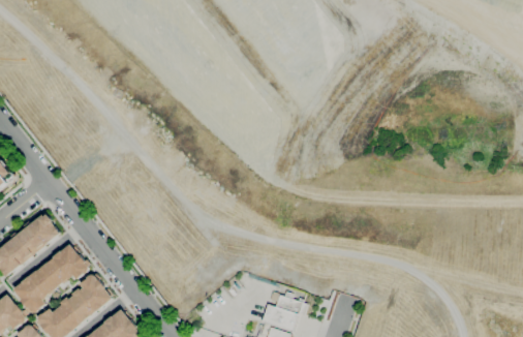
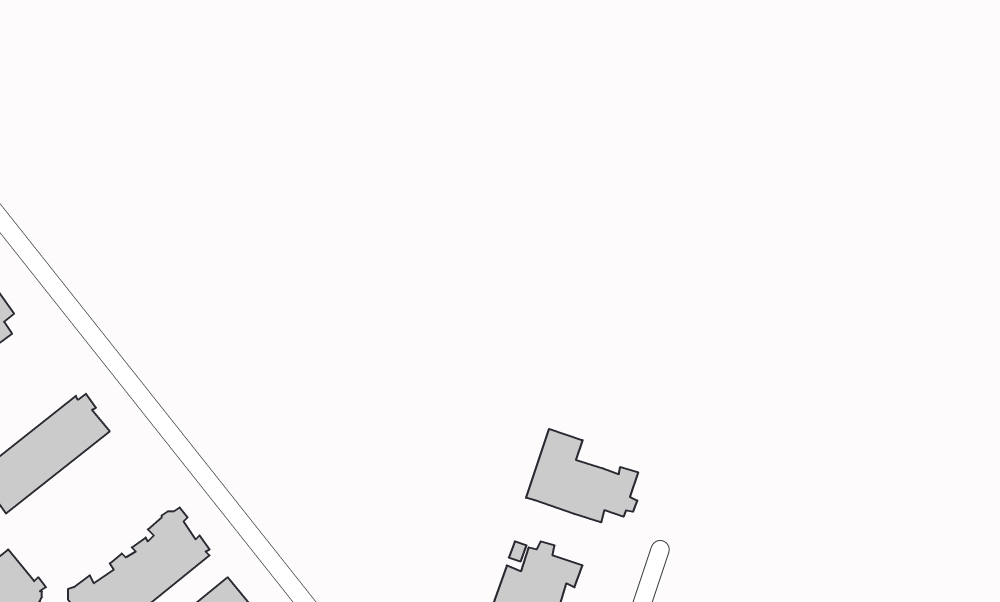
building: none -> [526,429,638,522]
building: [13,244,90,312] -> none

